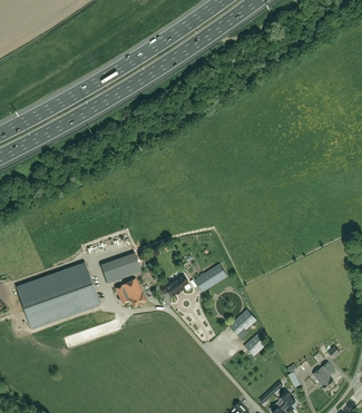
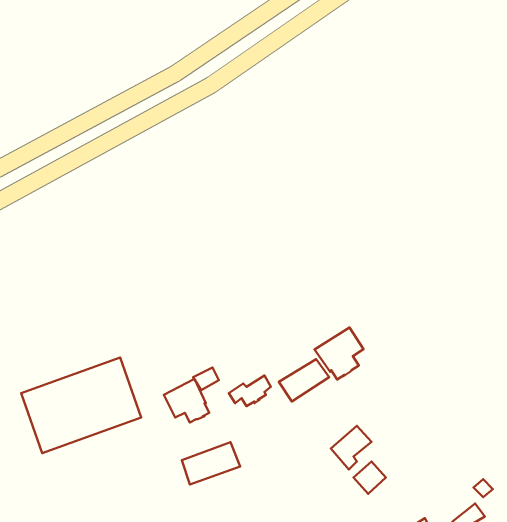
building: none -> [315,327,364,379]
building: [101,254,141,283] -> [182,442,240,484]

